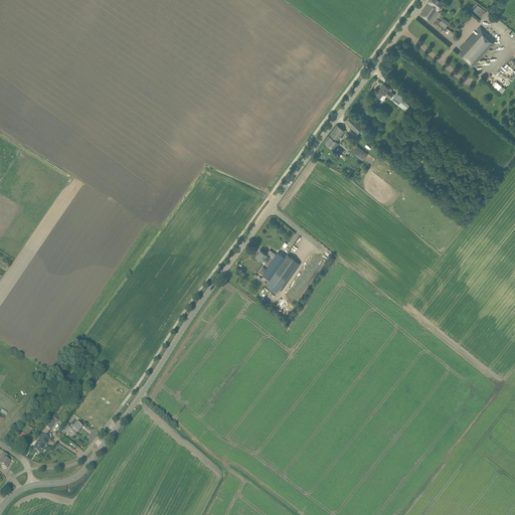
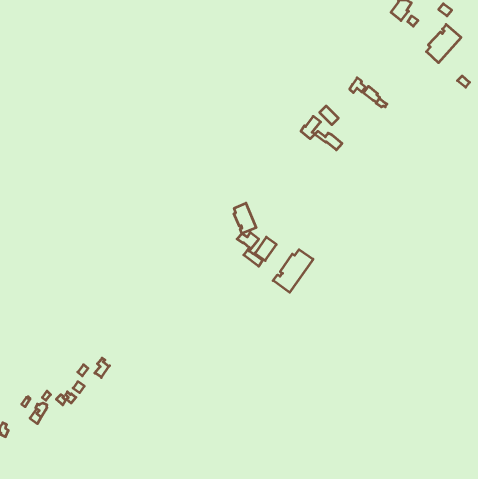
building: none -> [234,203,256,233]
building: none -> [273,250,313,292]

